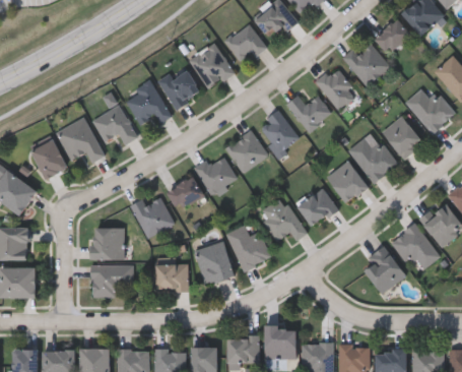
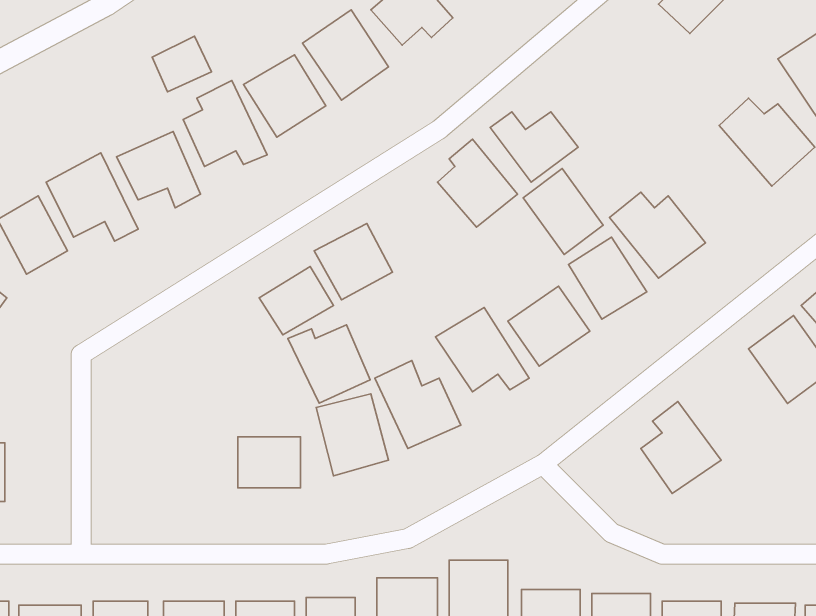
building: [343,43,390,86] -> none
building: none -> [152,36,211,92]
building: [316,66,357,111] -> [523,168,603,255]
building: [382,116,423,159] -> none
building: [225,131,268,174] -> none
building: [131,197,174,238] -> [288,325,370,403]
building: [391,223,439,272] -> none
building: [91,228,124,260] -> none
building: [91,265,133,297] -> none

